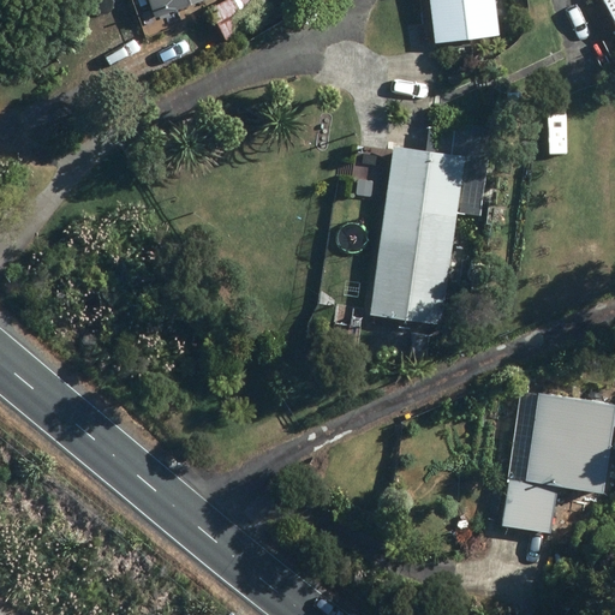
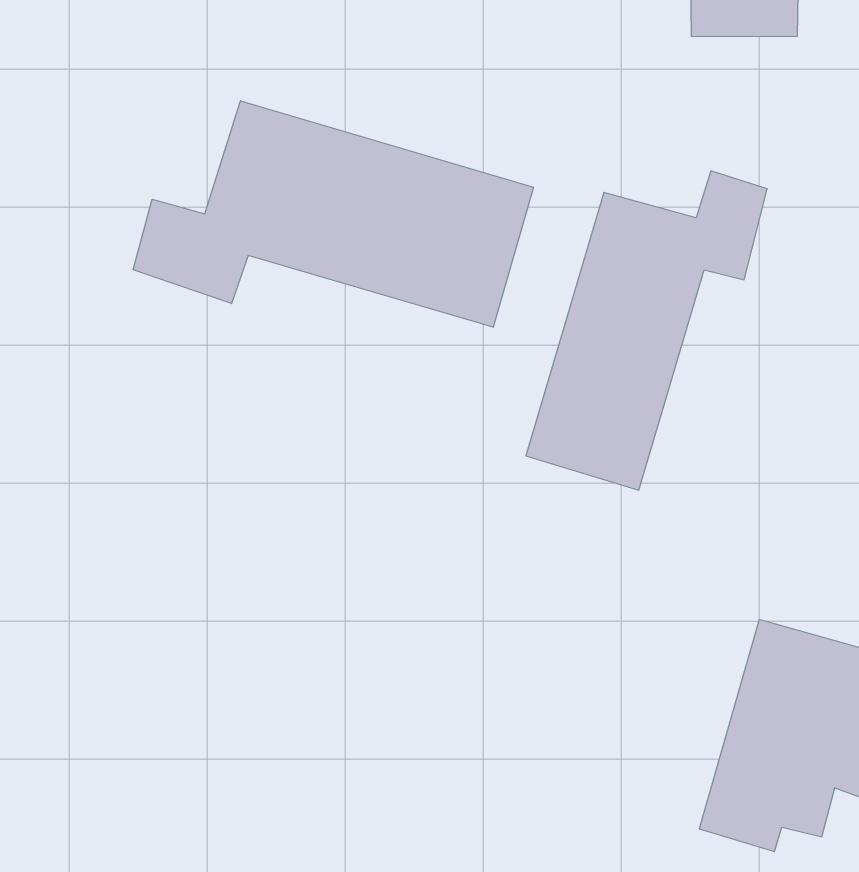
building: none -> [133,101,534,327]

